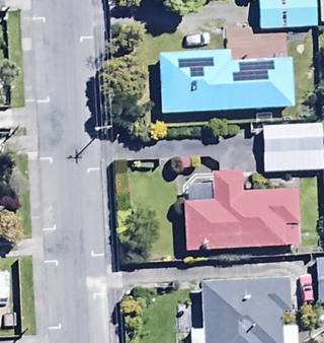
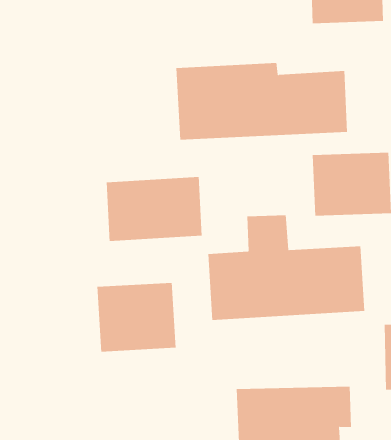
building: none -> [106,176,202,242]
building: none -> [97,282,176,352]

